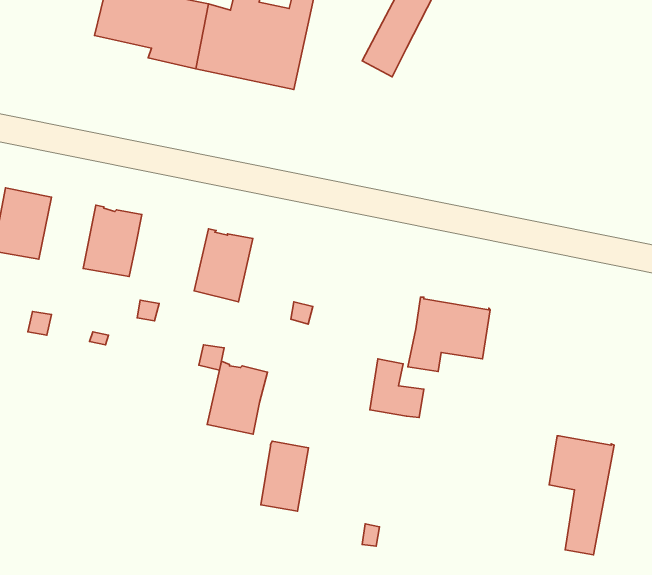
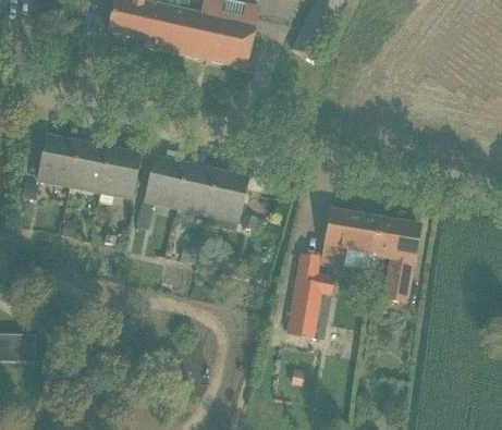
building: none -> [69,142,108,191]
building: none -> [144,157,185,206]
building: [207,361,267,434] -> [206,170,247,220]
building: [549,436,614,555] -> [374,219,418,300]
building: [261,441,308,511] -> [289,287,321,335]

